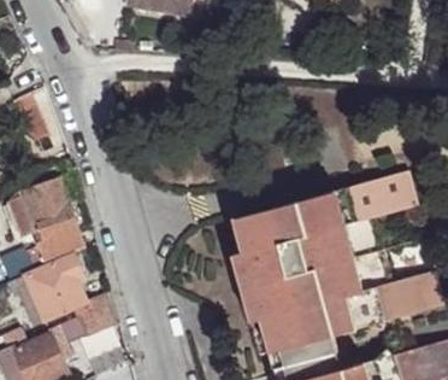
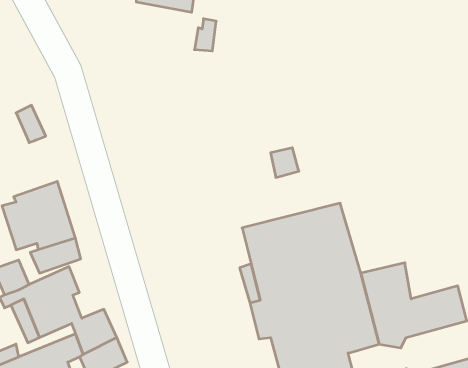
building: [324,174,417,261] -> none

